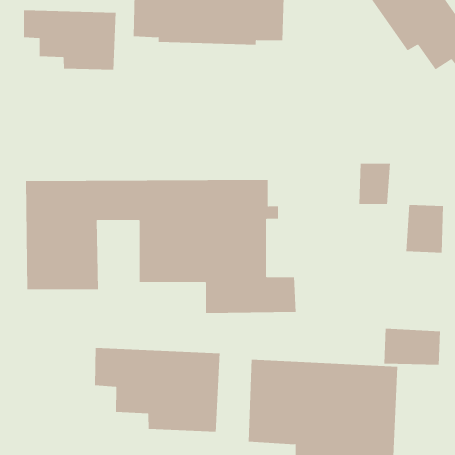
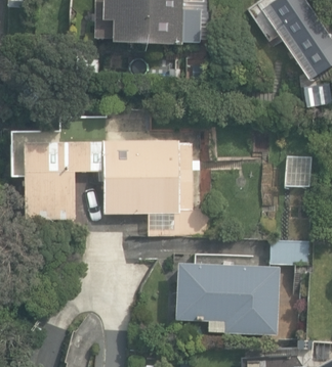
building: [24,10,116,70] -> none
building: [95,347,220,432] -> none

